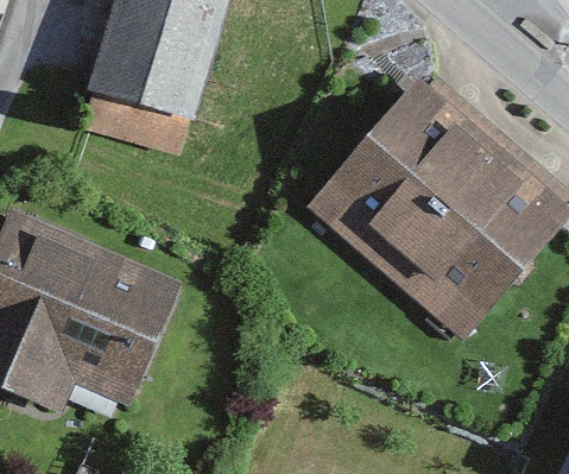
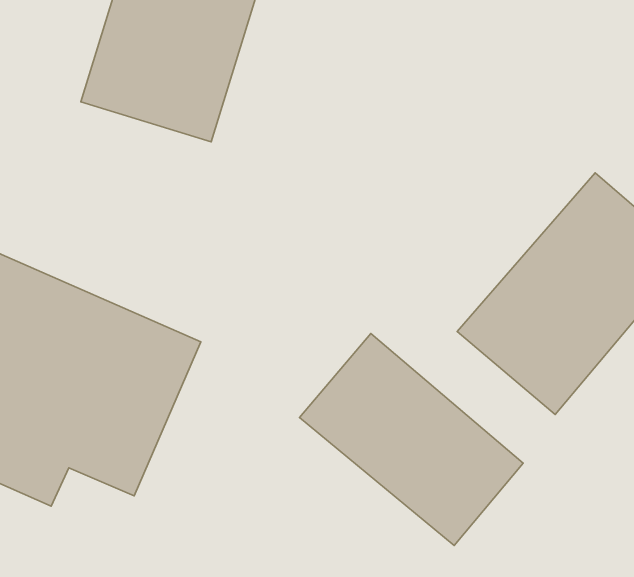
building: [308,77,498,273] -> none
building: none -> [300,333,523,546]

